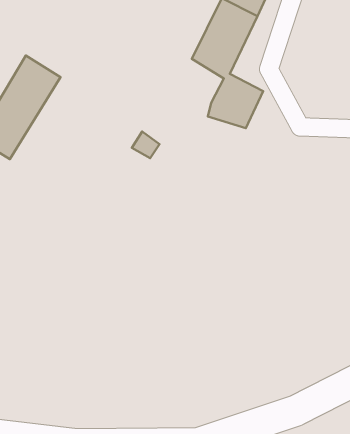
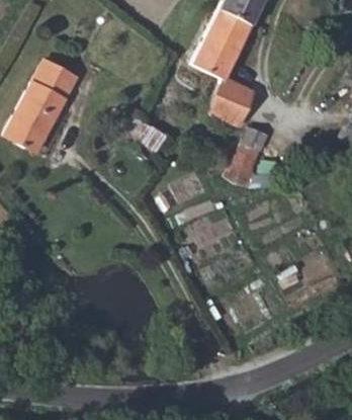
building: none -> [225,127,267,187]

